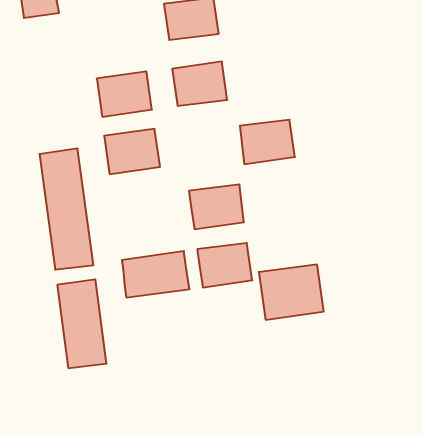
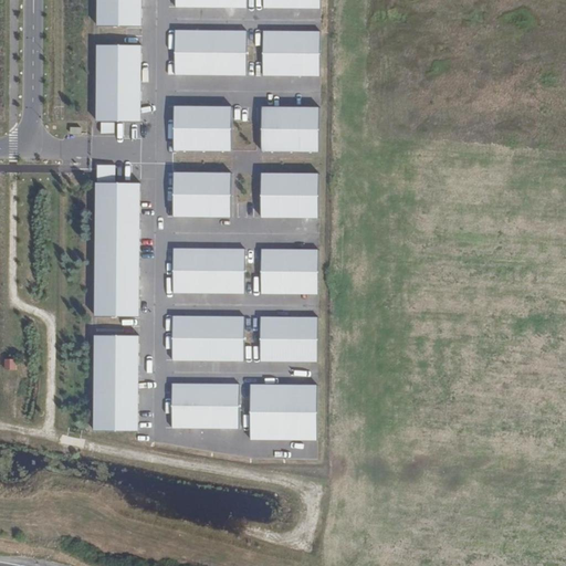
building: none -> [172,31,244,73]
building: none -> [95,43,139,120]
building: [240,120,295,164] -> [259,171,317,216]
building: none -> [171,248,242,292]
building: [259,265,324,320] -> [249,382,316,438]
building: none -> [170,382,238,427]

